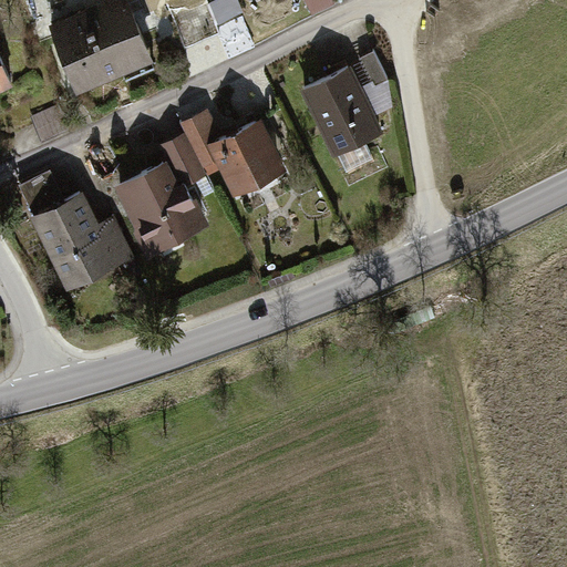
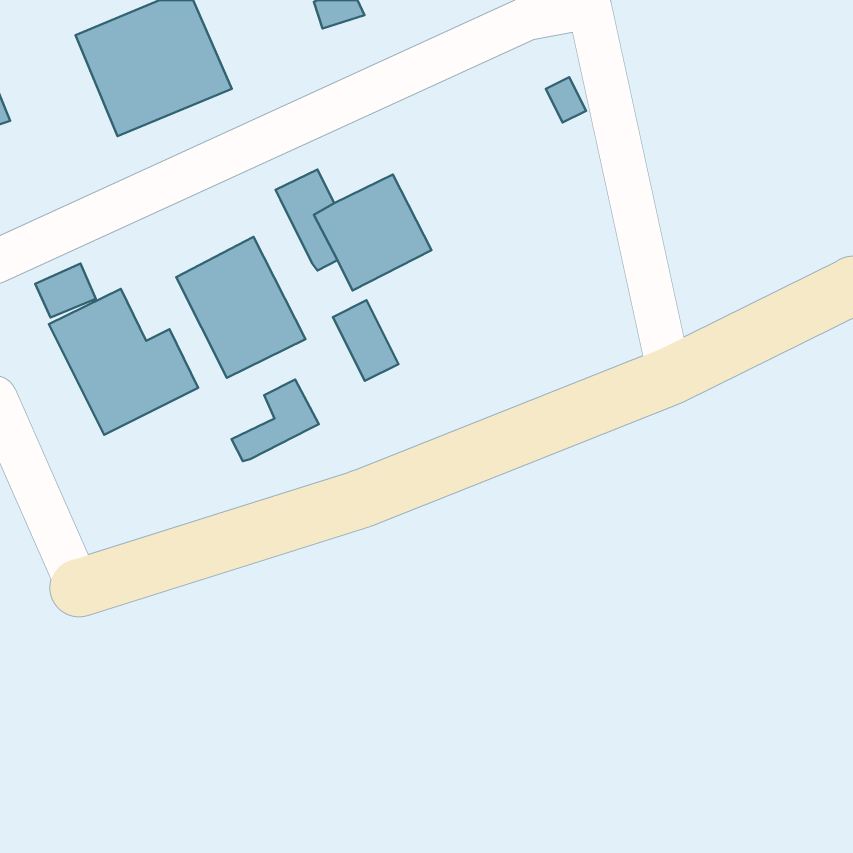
building: [302,71,378,156] -> none
building: [163,135,206,188] -> [333,300,398,381]
building: none -> [232,379,319,461]

